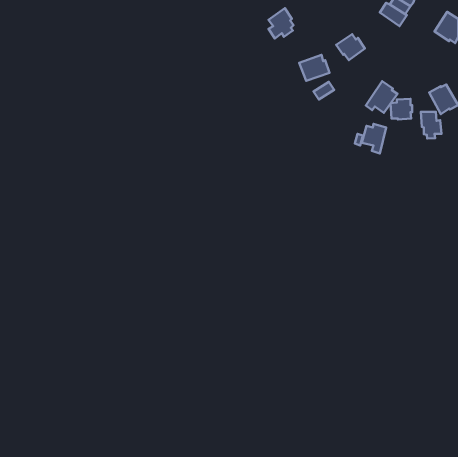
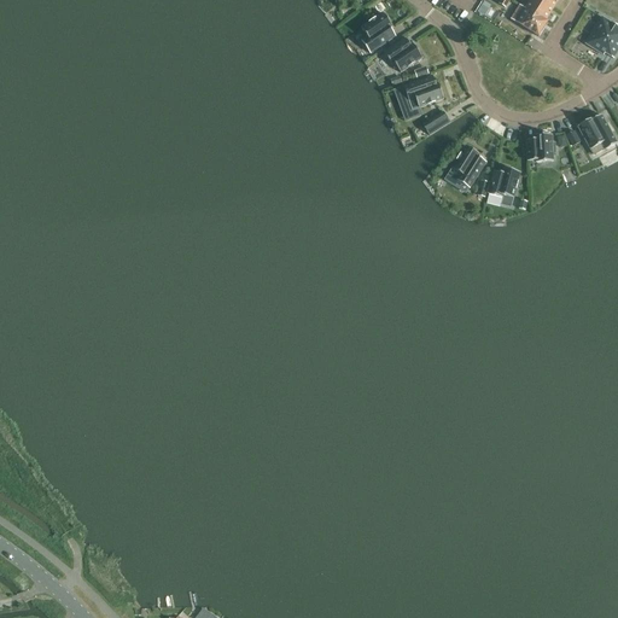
building: [336,34,365,60] -> [383,36,421,71]
building: [366,81,397,113] -> [443,145,485,187]
building: [421,112,441,139] -> none

